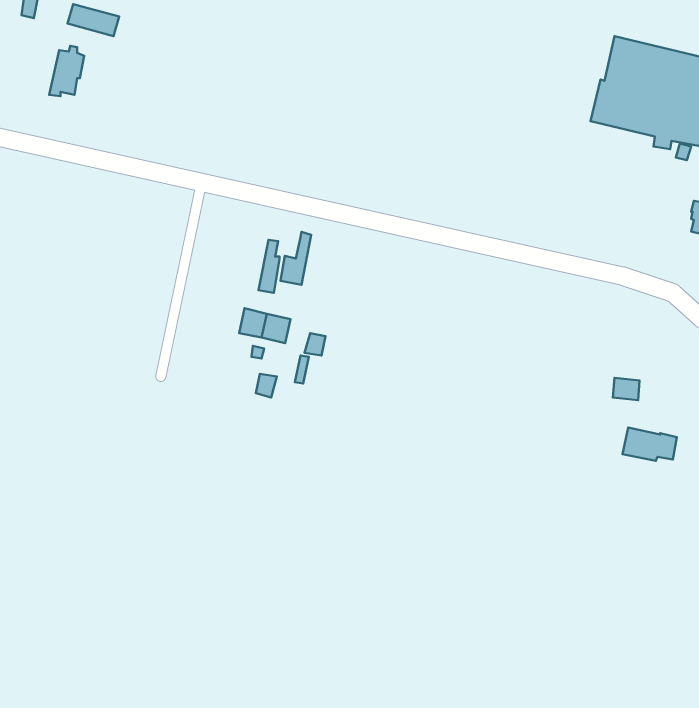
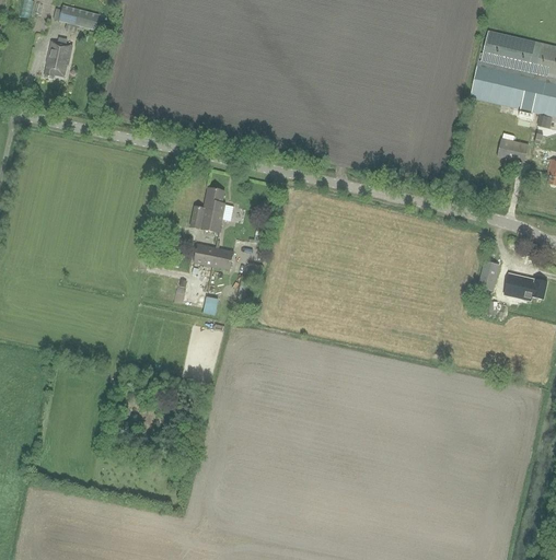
building: none -> [497,137,529,162]
building: [281,232,311,285] -> [193,187,217,229]
building: none -> [477,260,499,290]
building: [622,428,677,461] -> [505,273,547,300]

